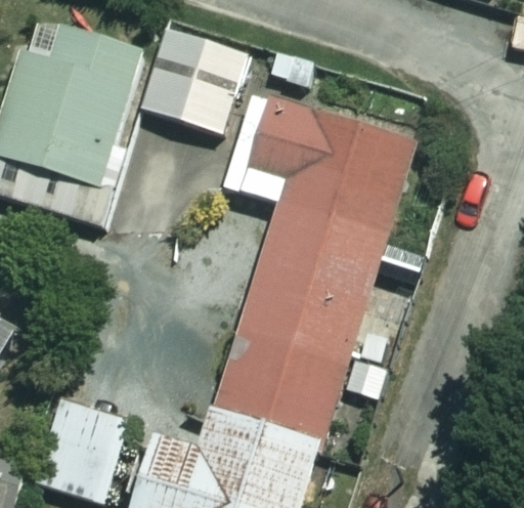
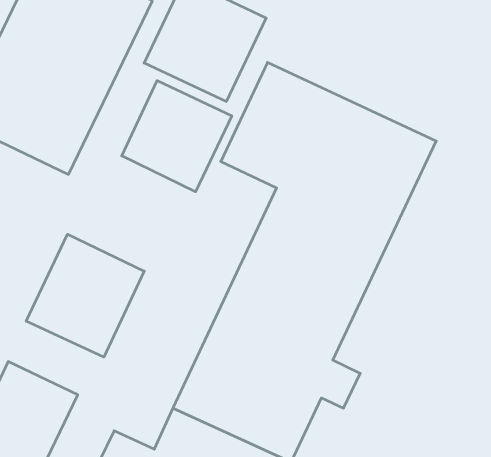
building: none -> [122,81,232,192]
building: none -> [26,234,144,357]

